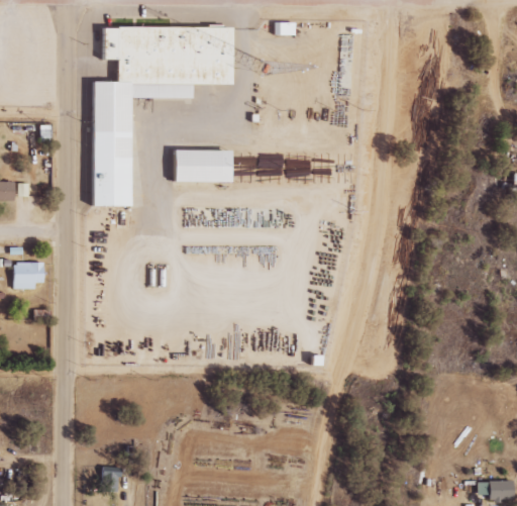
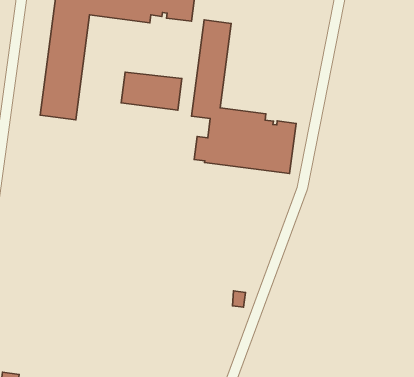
building: none -> [191,20,296,174]

